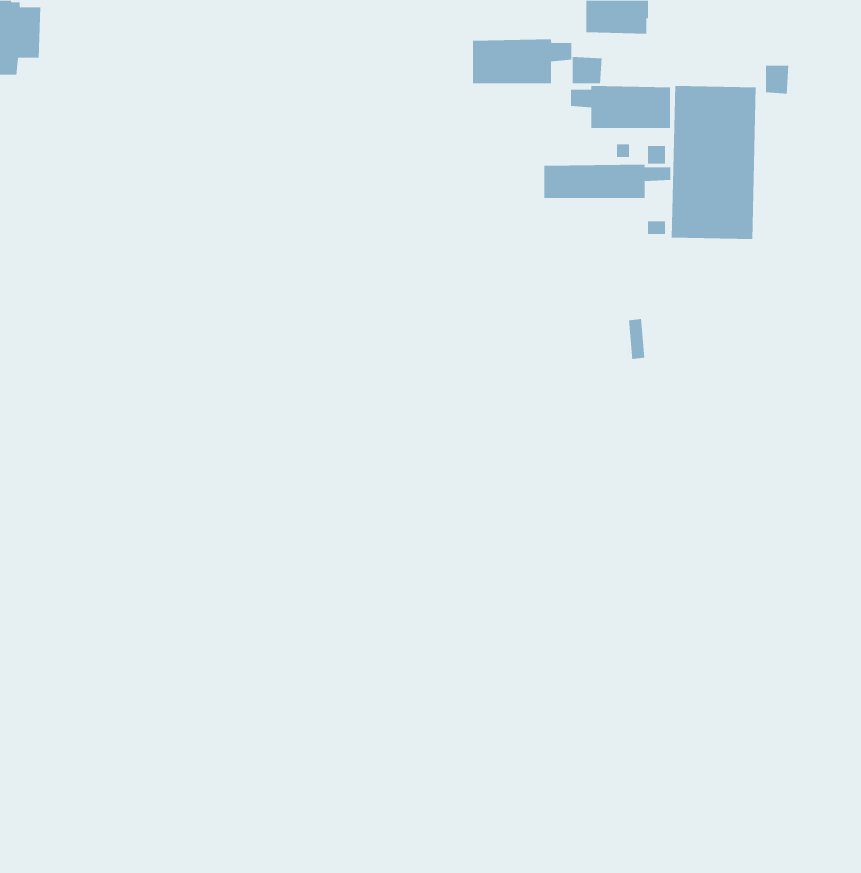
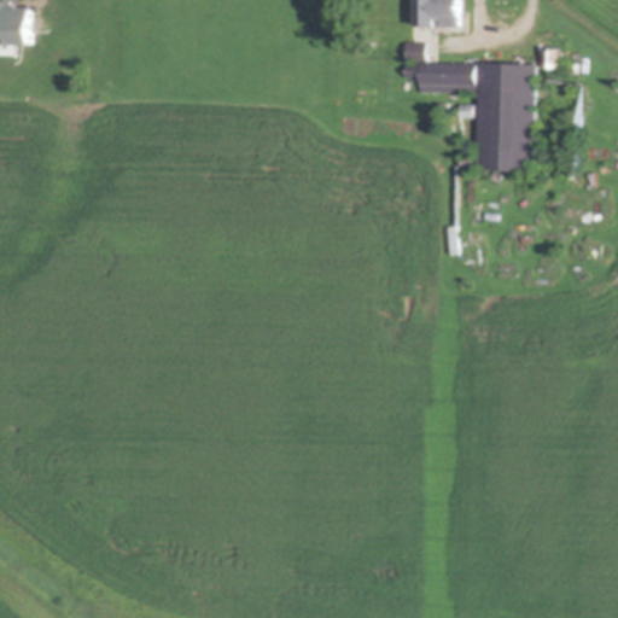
building: [473,38,572,84] -> none
building: [544,164,671,199] -> none

